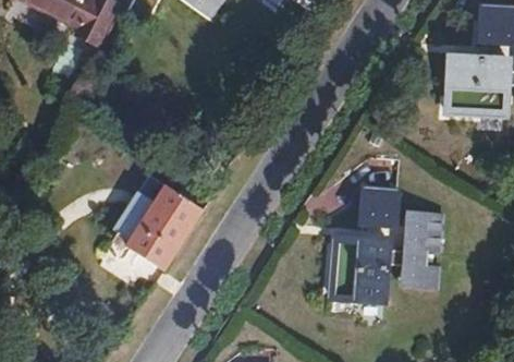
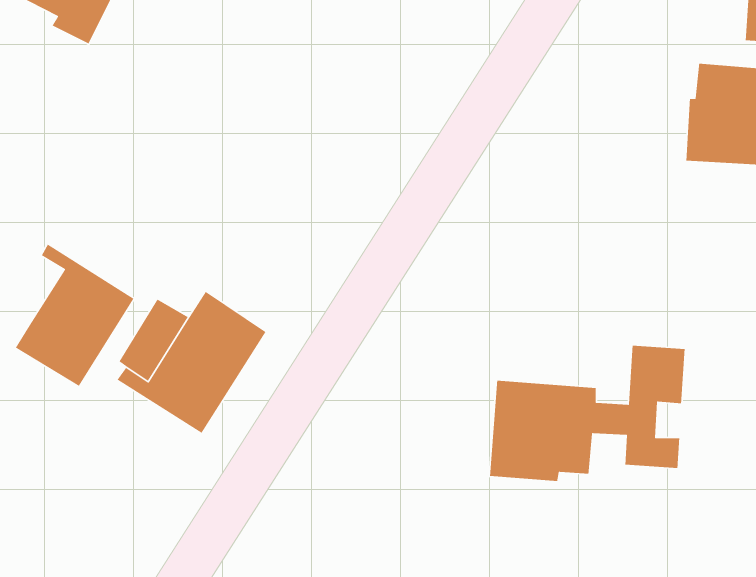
building: none -> [15,243,135,387]
building: [362,188,399,224] -> none

